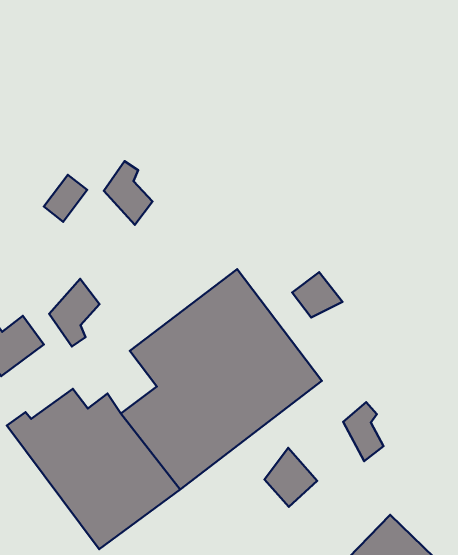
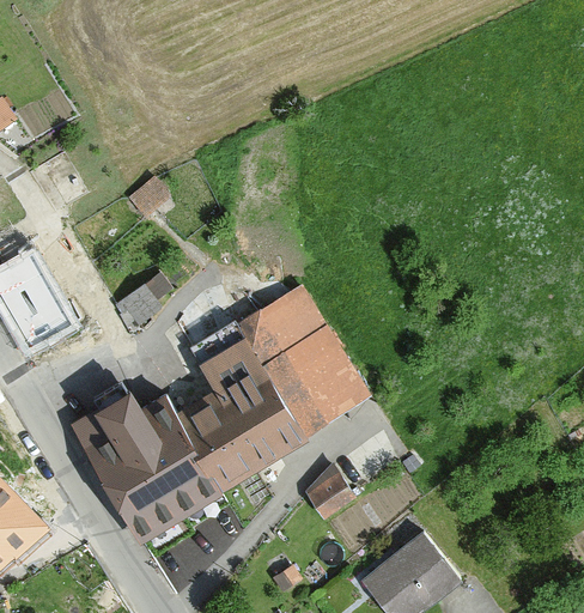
building: [104,161,152,225] -> none
building: [292,272,343,318] -> none
building: [343,402,384,461] -> none

